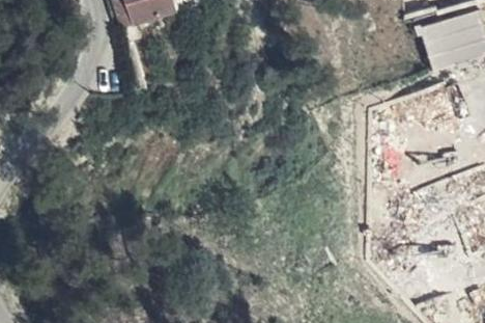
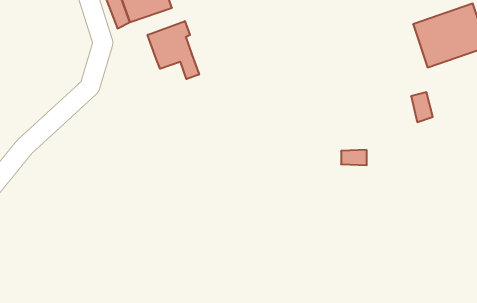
building: none -> [148,21,199,79]

